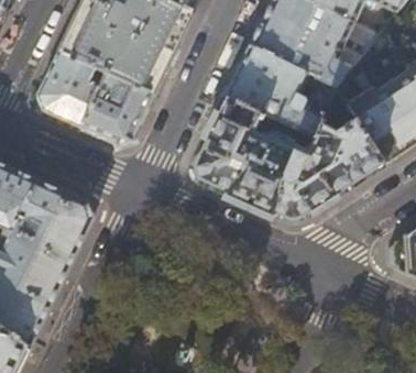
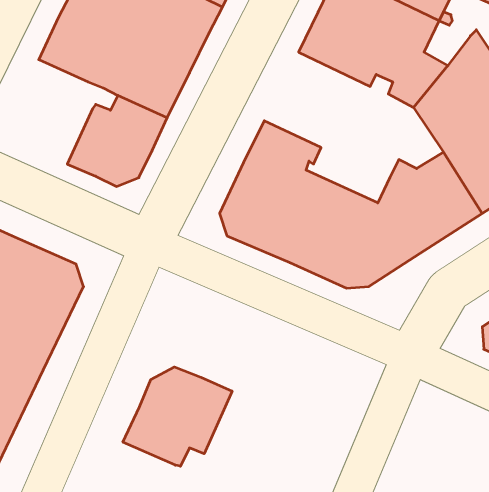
building: [223,42,328,134] -> none
building: [35,47,97,124] -> none
building: none -> [123,367,232,466]

